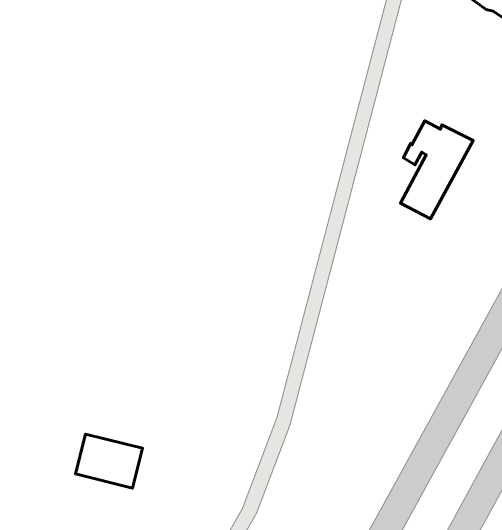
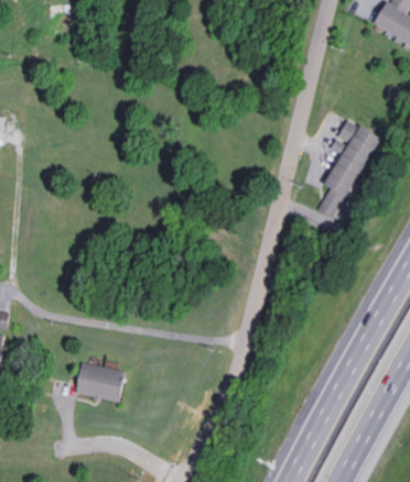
building: none -> [316,188,346,219]

